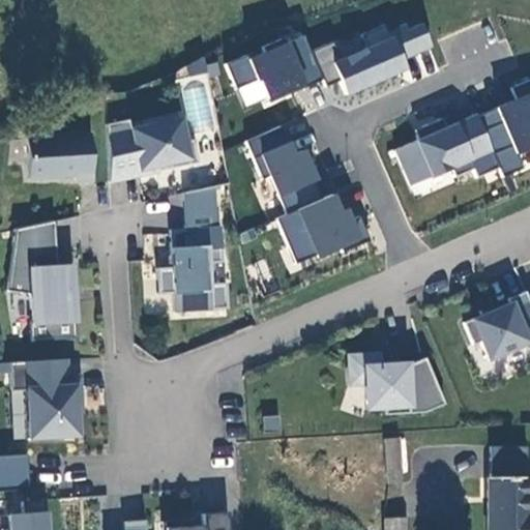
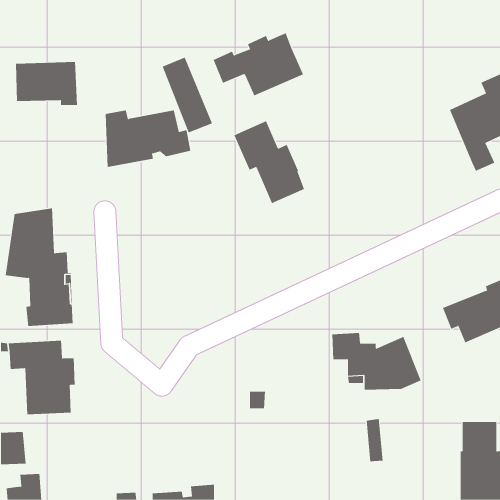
building: [310,23,429,93] -> none
building: [394,114,499,189] -> none
building: [27,134,93,180] -> [15,61,78,106]
building: [165,186,236,311] -> none
building: [277,196,371,265] -> none

